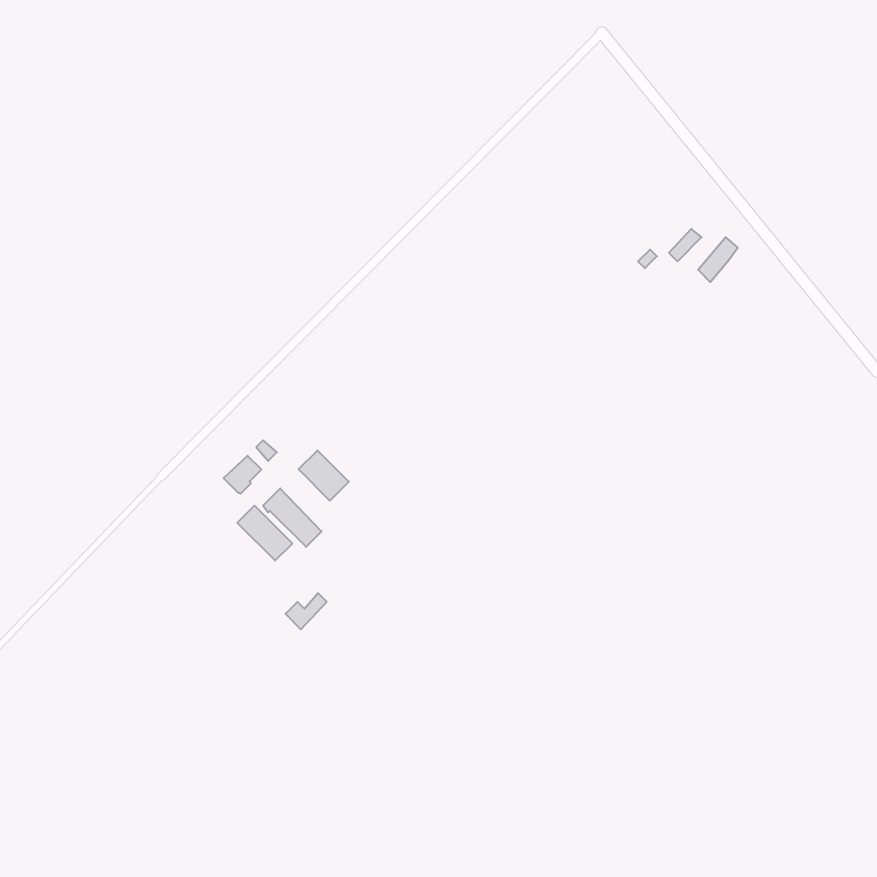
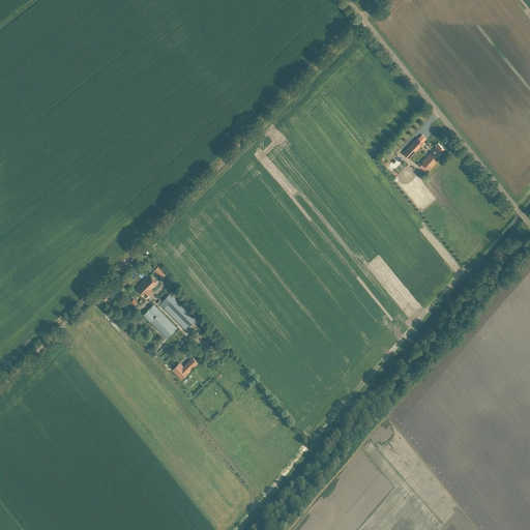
building: [299,450,349,501] -> none

